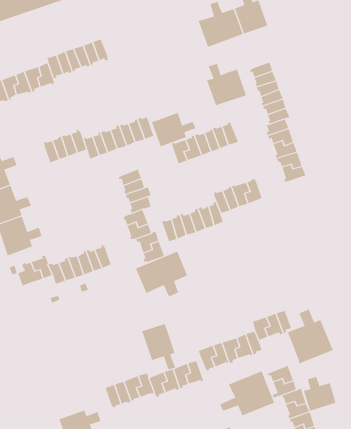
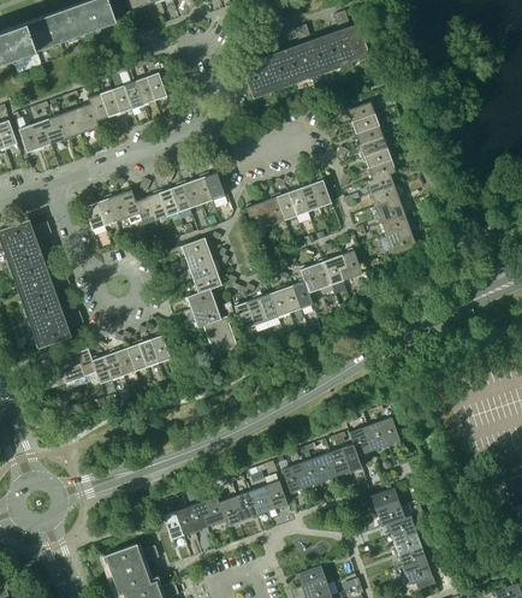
building: [206,63,247,106] -> [241,42,292,96]
building: [151,112,196,147] -> none
building: [135,251,188,297] -> none
building: [287,308,333,364] -> none
building: [142,323,176,370] -> none
building: [219,370,275,416] -> none
building: [303,376,336,411] -> none

